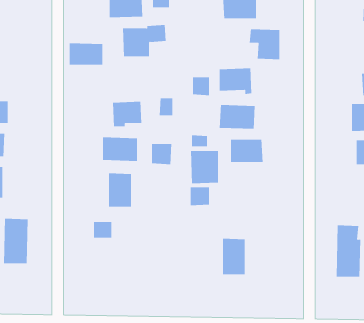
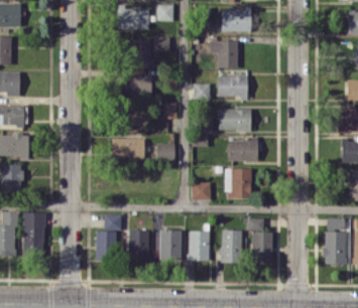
building: [249,29,280,60] -> [210,40,238,68]
building: [69,43,103,65] -> [120,74,151,95]
building: [190,151,219,184] -> [225,169,251,199]
building: [108,173,132,207] -> [128,229,149,261]
building: none -> [247,218,272,260]
building: none -> [159,229,182,261]
building: none -> [95,230,117,260]
building: none -> [188,230,210,261]

